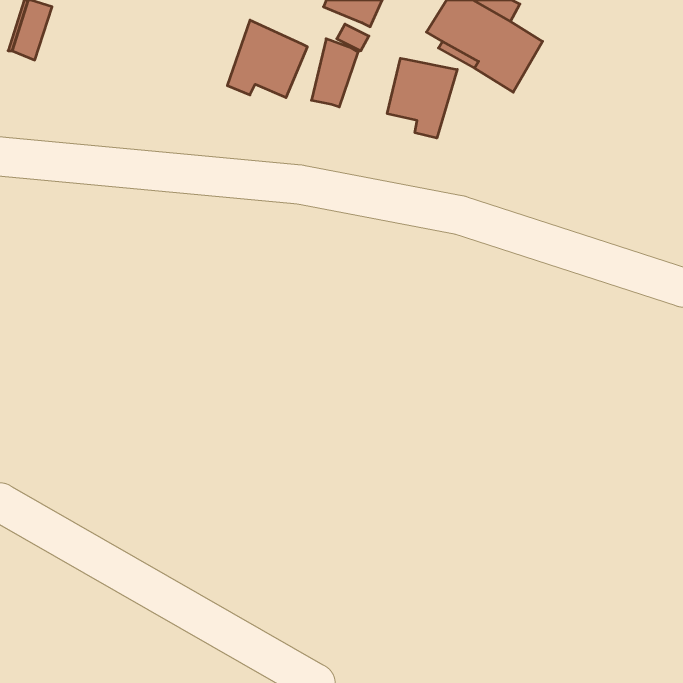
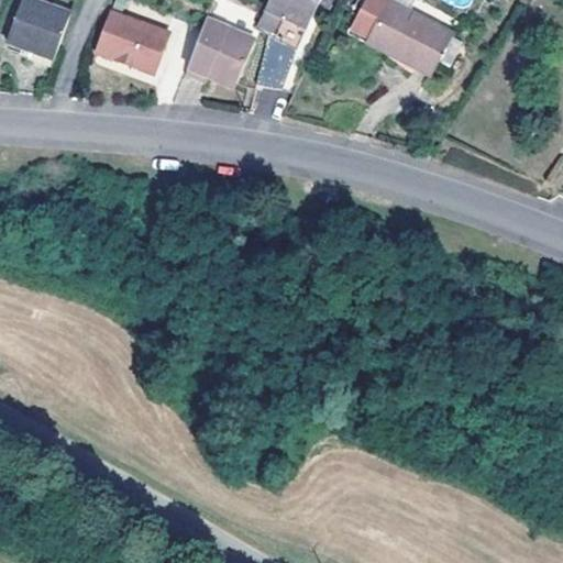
building: none -> [29,5,68,57]
building: none -> [101,12,166,69]
building: [387,58,457,138] -> none

